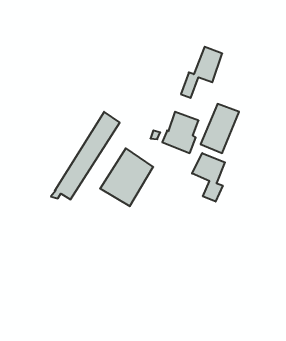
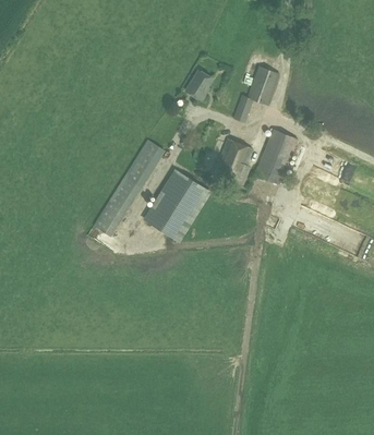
building: none -> [185,69,213,99]
building: [192,153,225,202] -> none

